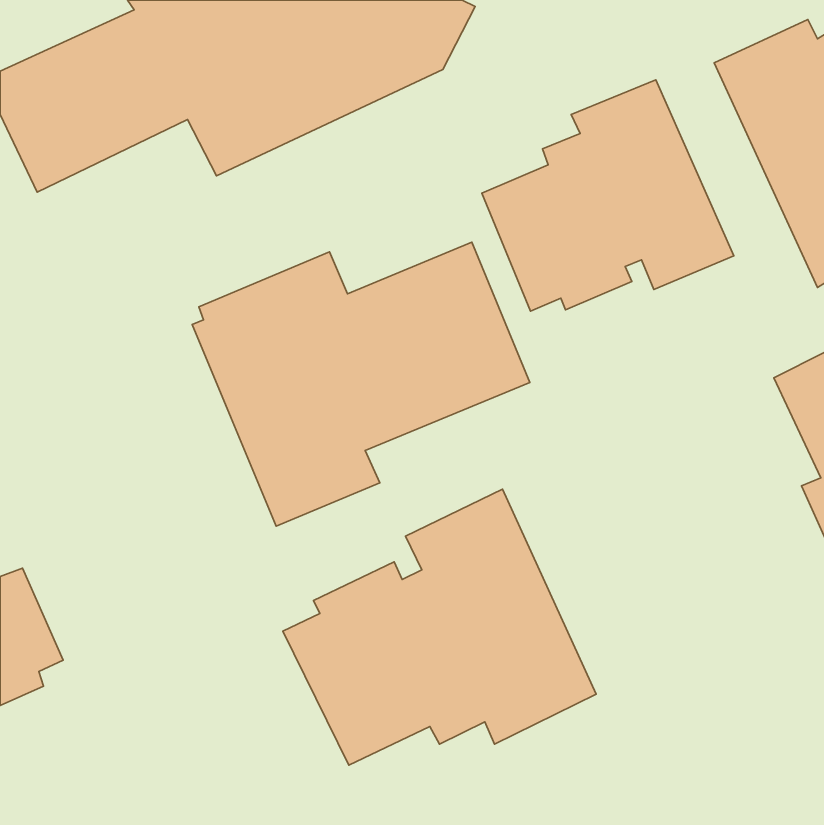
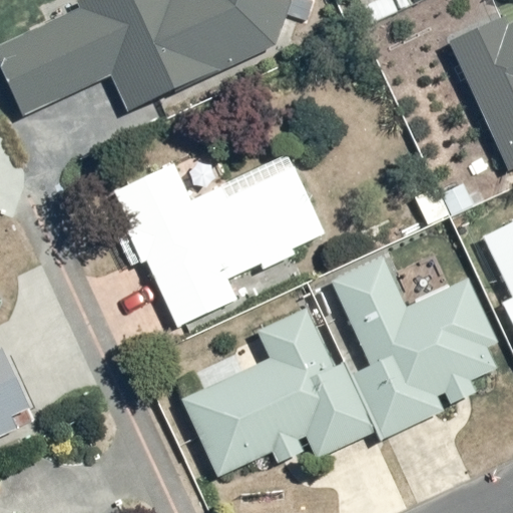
building: [482,80,734,311] -> none
building: none -> [308,256,507,444]

